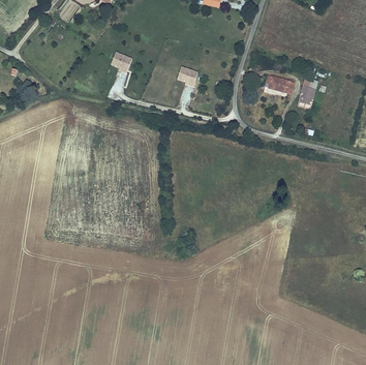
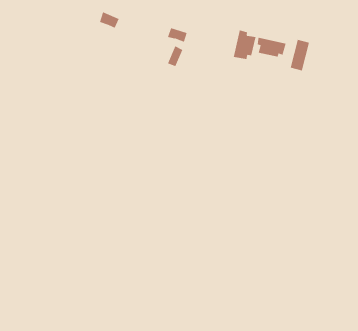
building: none -> [233,29,256,60]

